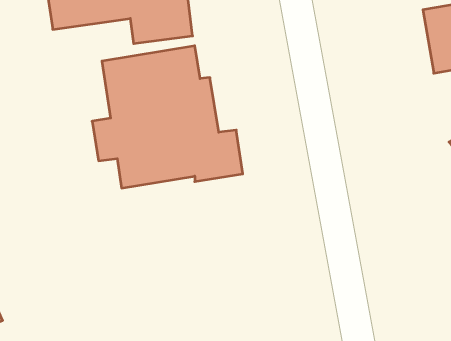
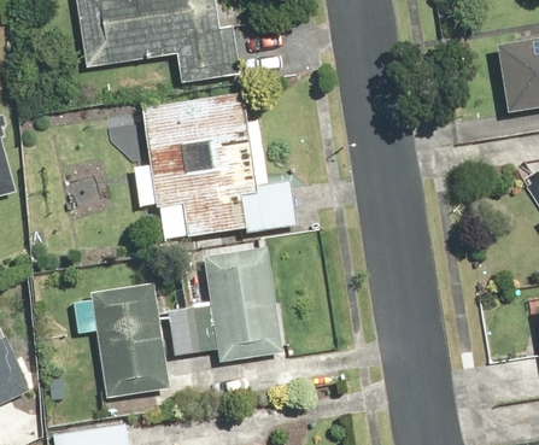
building: none -> [168,247,283,361]
building: none -> [74,286,171,396]

